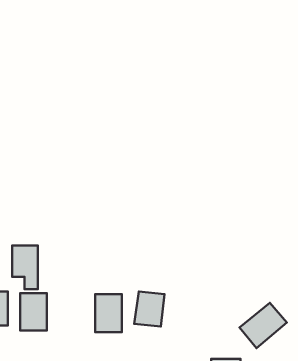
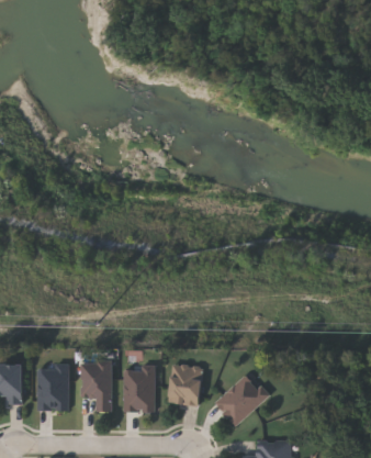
building: [12,245,38,289] -> [80,360,110,411]
building: [239,303,287,348] -> [215,376,270,428]

